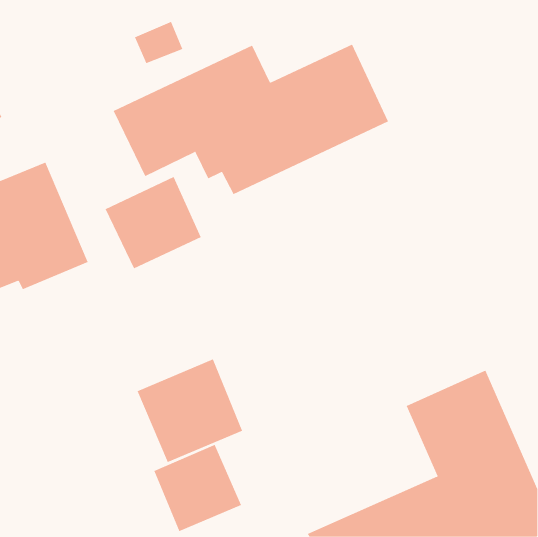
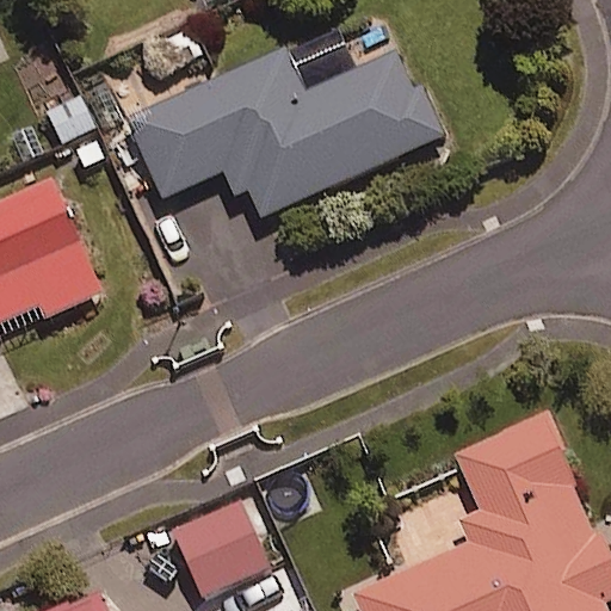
building: [105,176,202,269] -> none
building: [137,358,243,463] -> none

